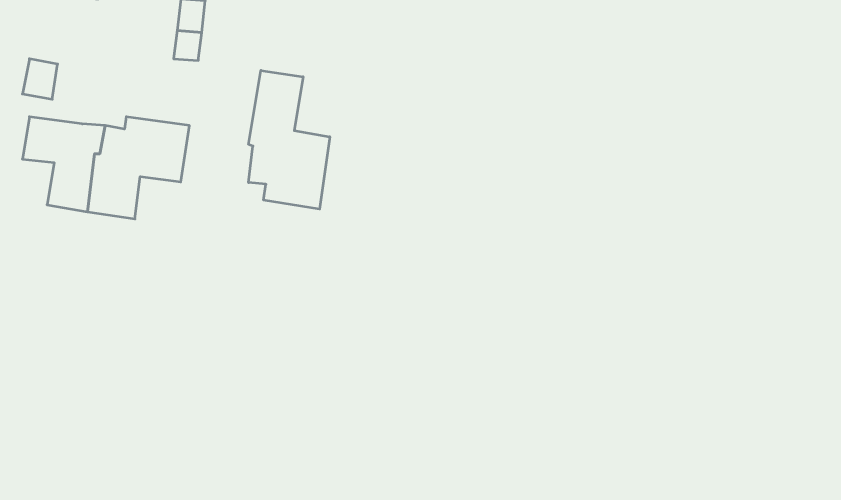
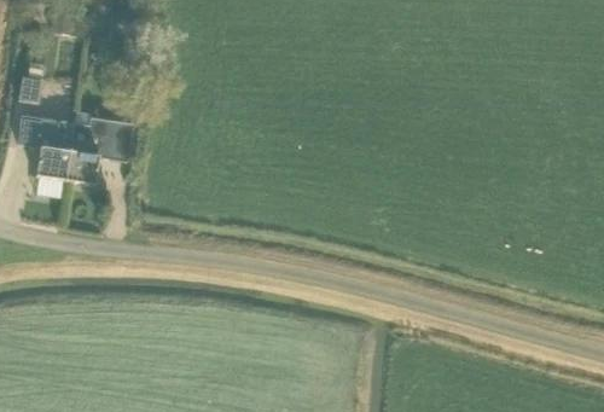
building: [249,70,330,209] -> none

